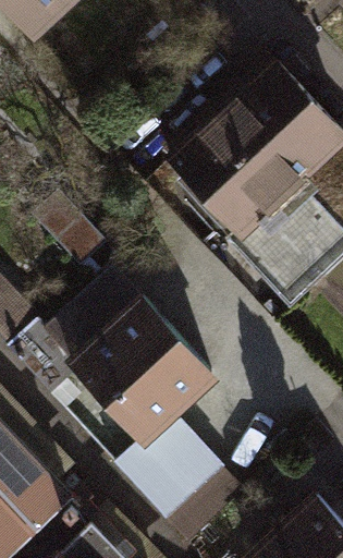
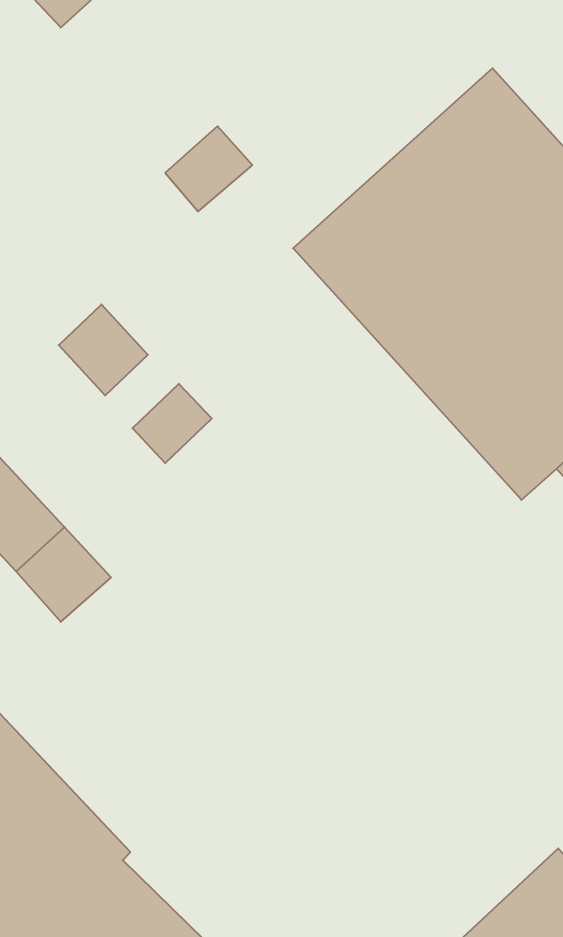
building: [74,301,216,444] -> none
building: [128,424,225,520] -> none

